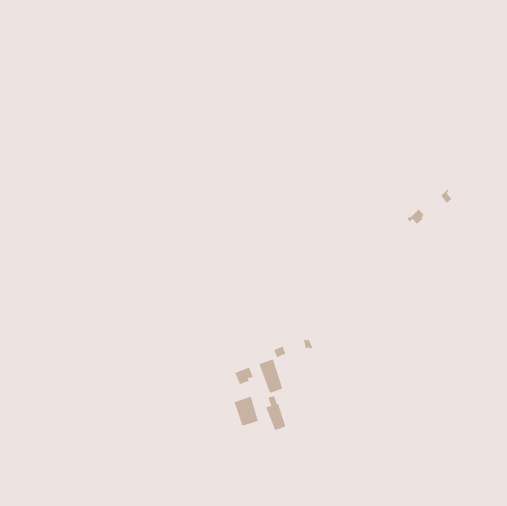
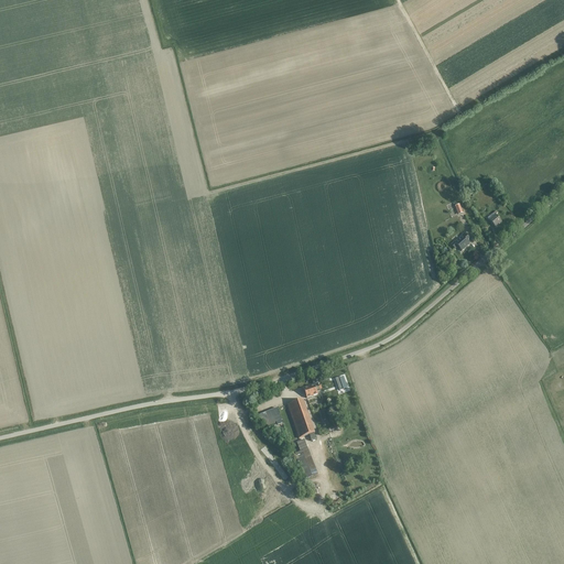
building: [234,396,258,427] -> none

